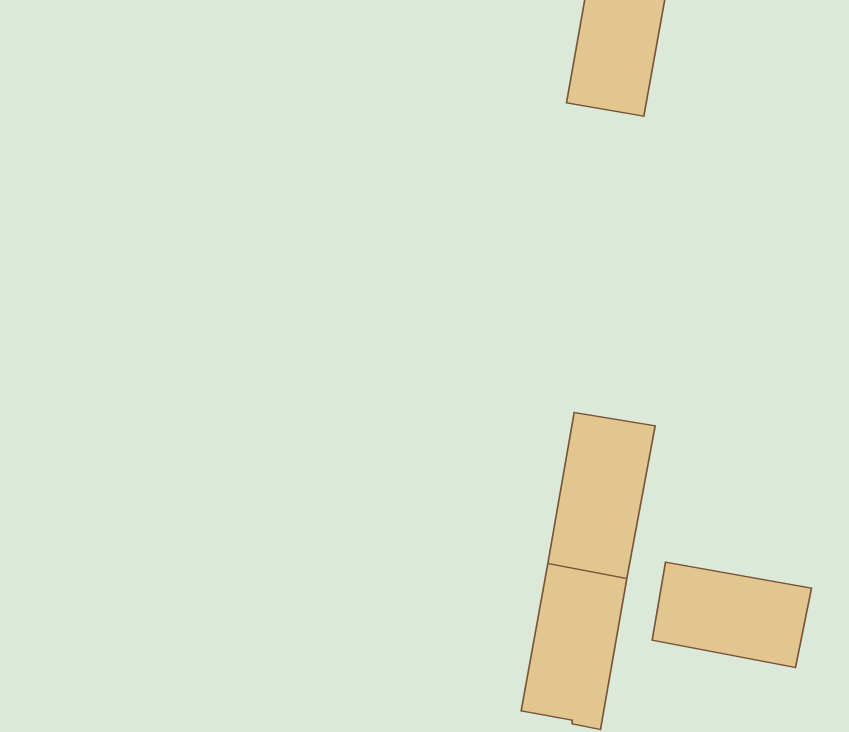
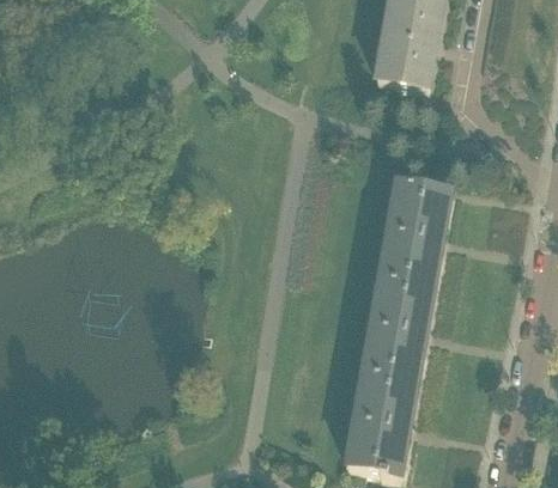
building: none -> [378,175,447,279]
building: [652,562,811,667] -> none

